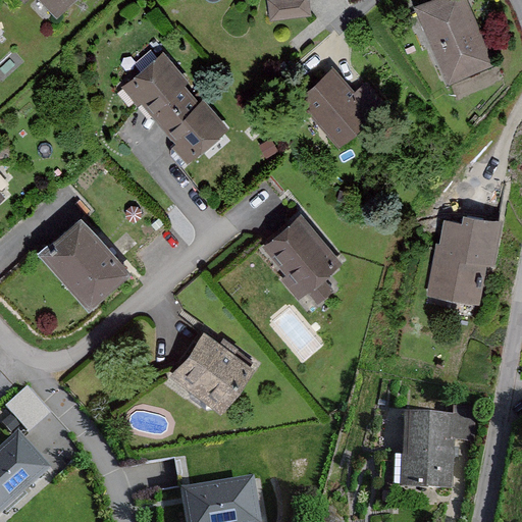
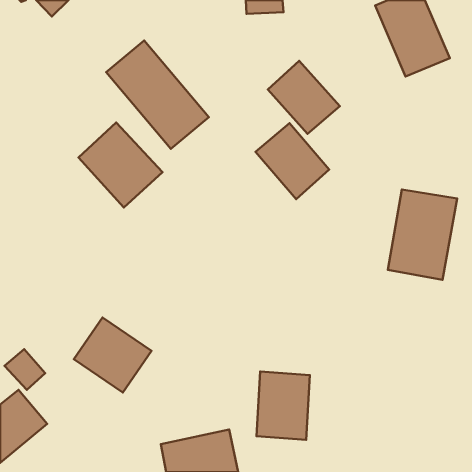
building: [33,211,125,305] -> [78,122,163,207]
building: [257,212,338,296] -> [255,123,329,199]
building: [167,329,253,412] -> [74,318,152,392]
building: [401,413,460,488] -> [256,372,310,440]

